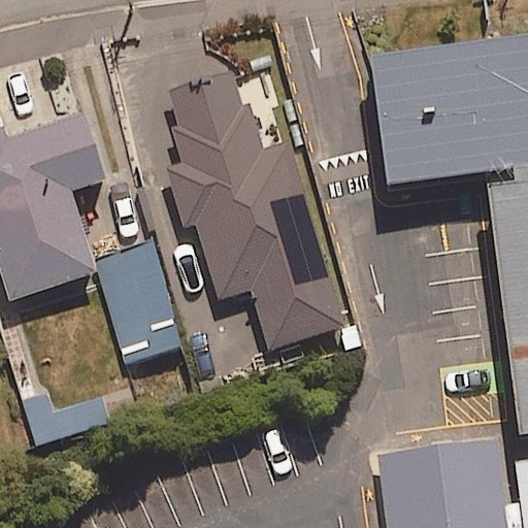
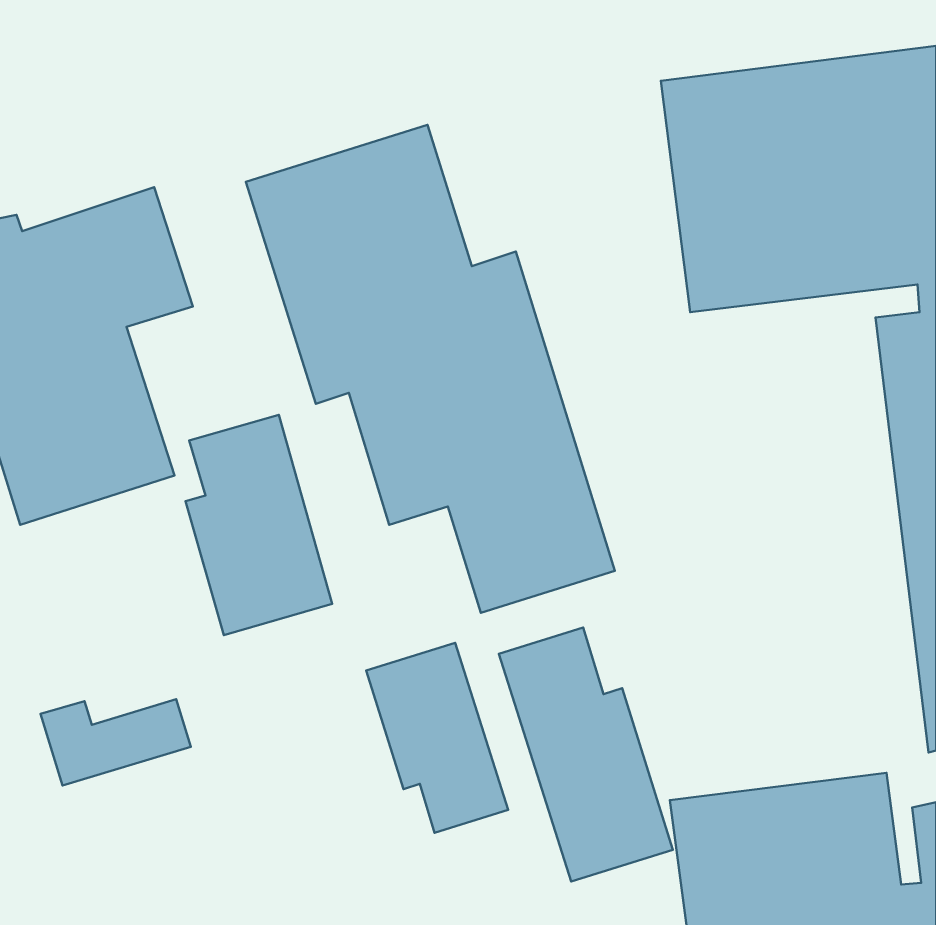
building: none -> [499,627,673,881]
building: none -> [366,643,508,833]

